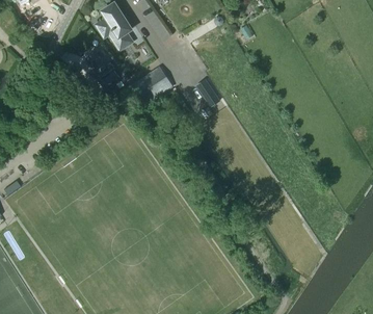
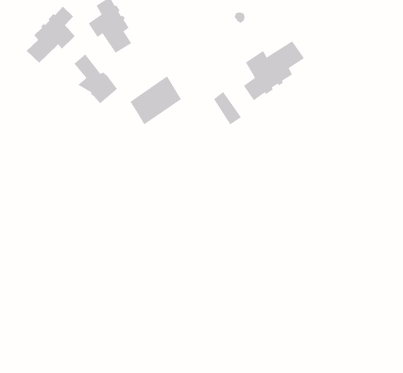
building: none -> [26,6,75,63]
building: none -> [243,40,305,101]

